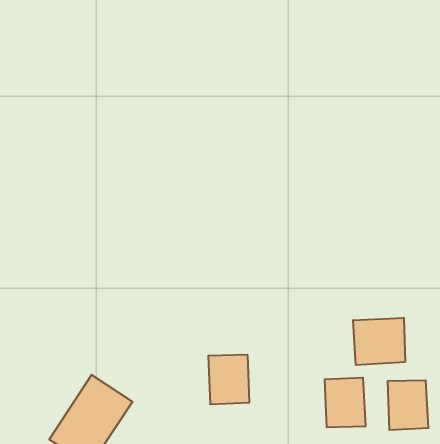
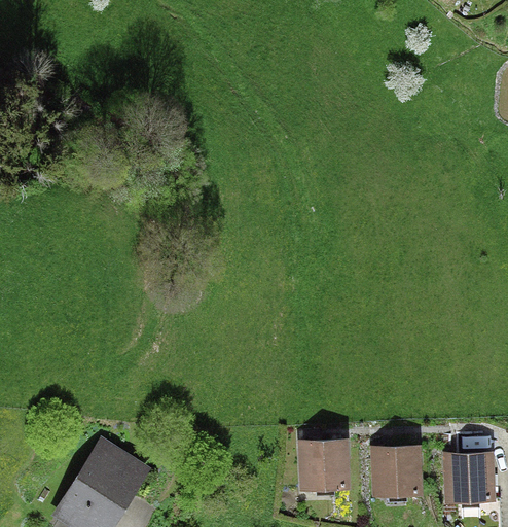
building: [353,318,405,365] -> none
building: [208,355,249,404] -> [298,434,346,491]

